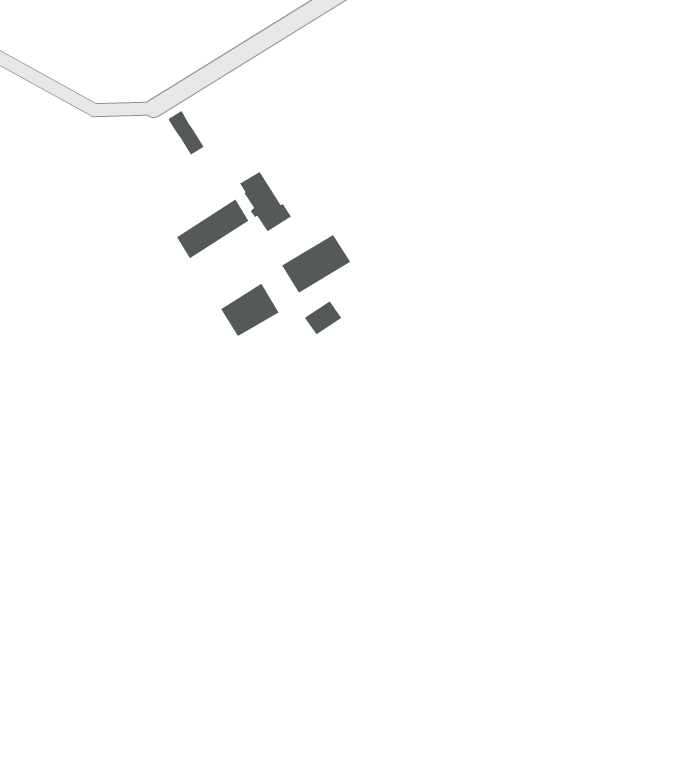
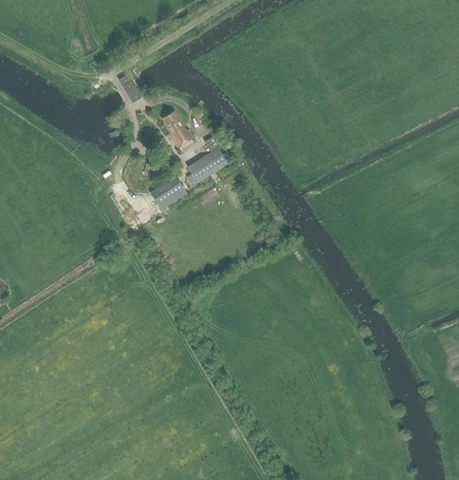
building: [176,198,249,259] -> none

